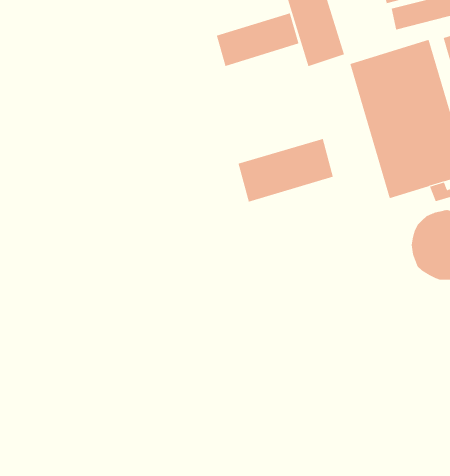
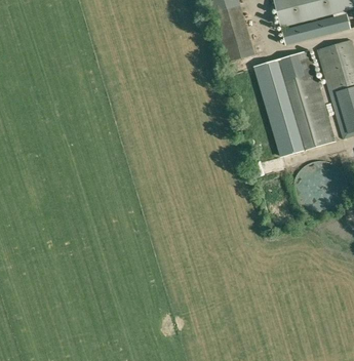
building: [216,12,299,67] -> none
building: [238,138,334,202] -> none

